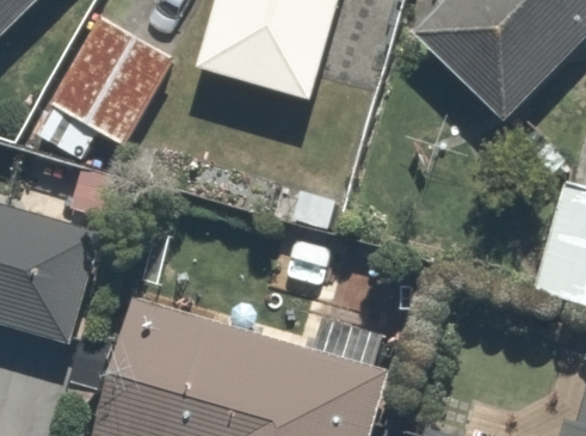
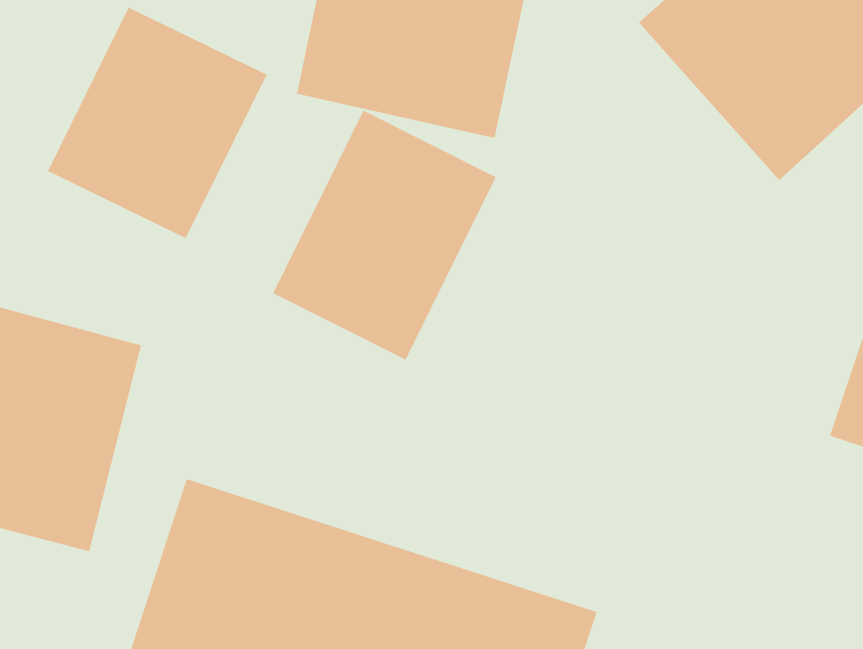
building: none -> [272,110,496,361]

